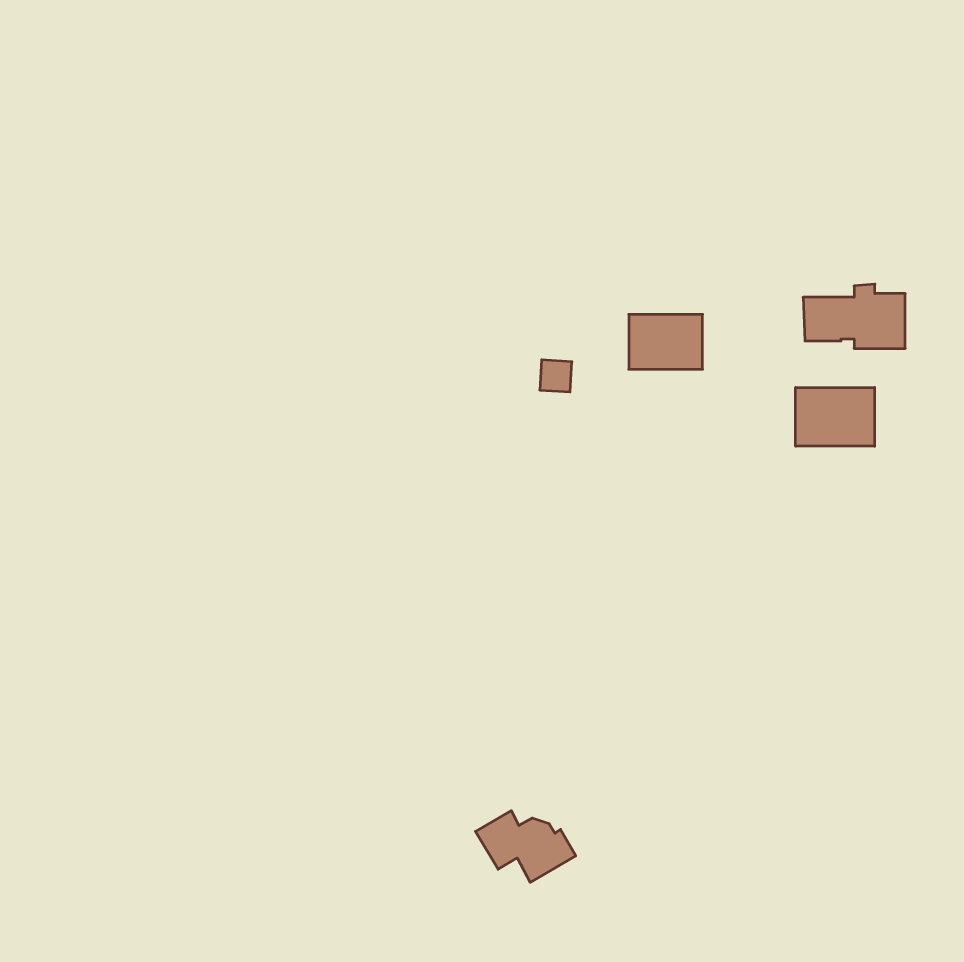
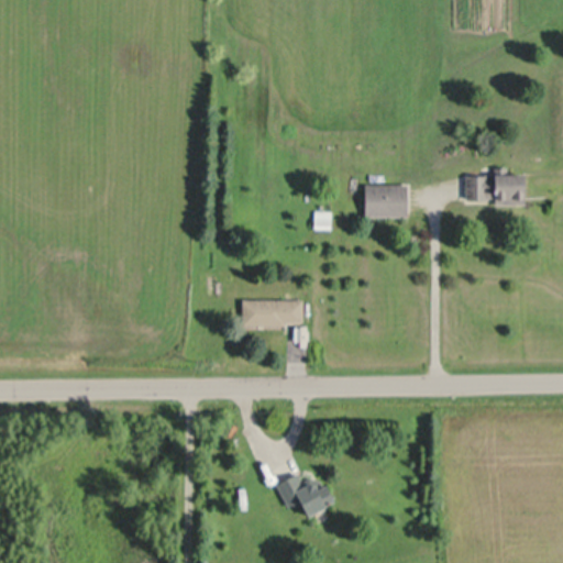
building: [796,387,875,446] -> none
building: none -> [242,300,302,325]

